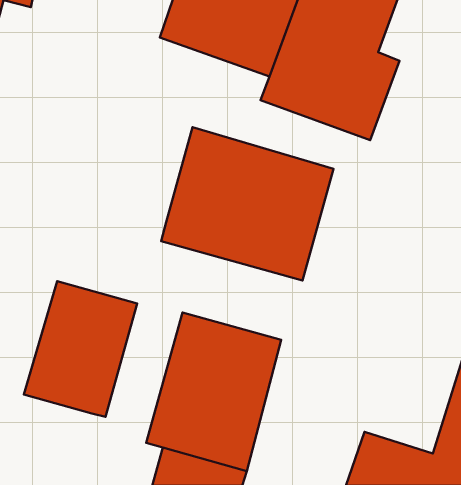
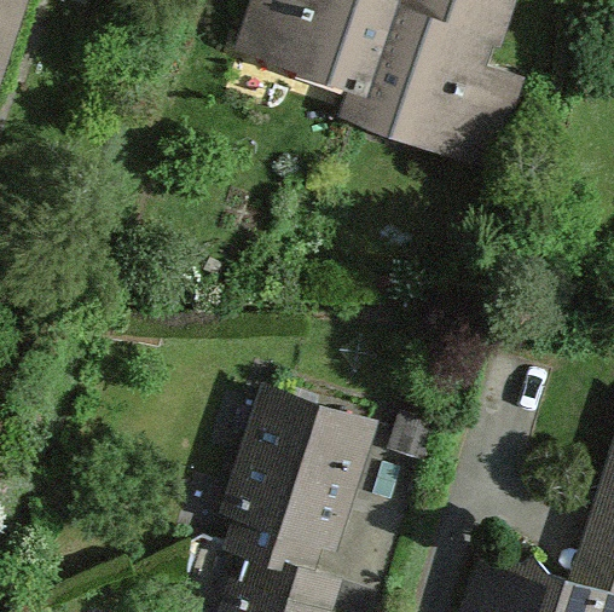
building: [161,127,334,280] -> none
building: [24,281,137,417] -> none

